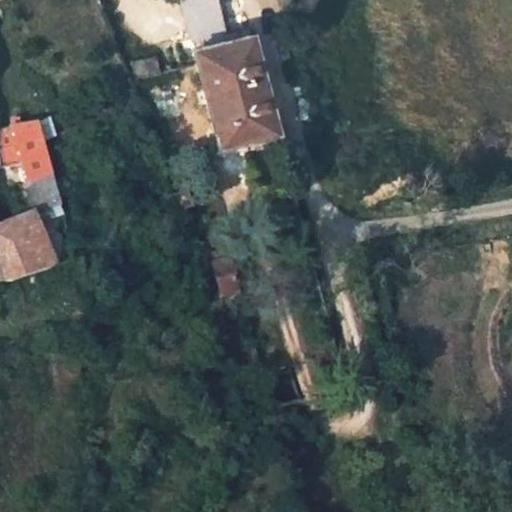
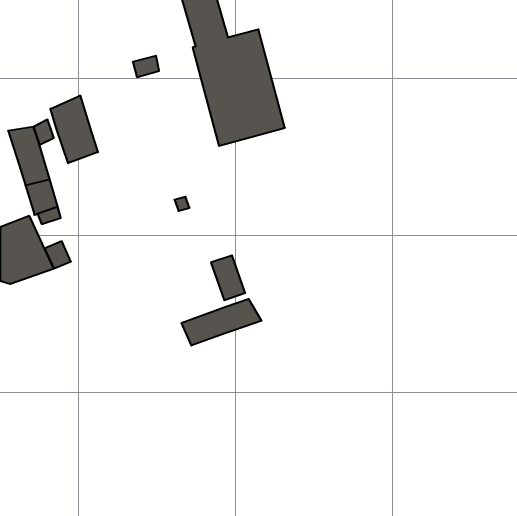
building: none -> [50,95,98,163]
building: none -> [181,299,261,346]

